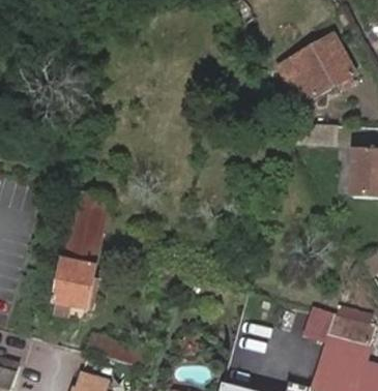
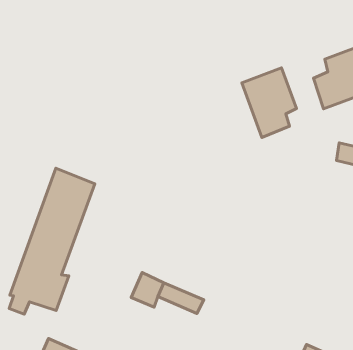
building: none -> [242,68,296,137]

